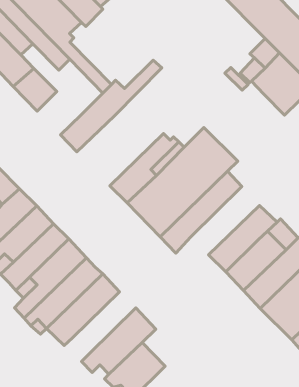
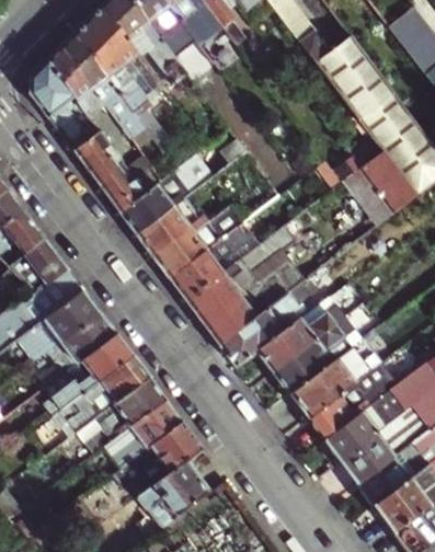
building: none -> [98,162,147,212]
building: none -> [137,198,244,278]
building: none -> [255,298,339,371]
building: none -> [105,401,182,468]

